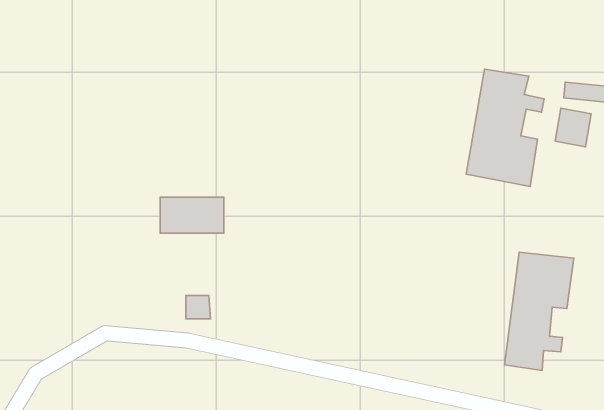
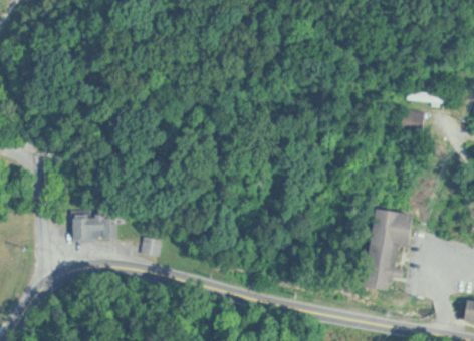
building: [466,69,544,186] -> none
building: [160,197,224,233] -> [71,215,115,240]

